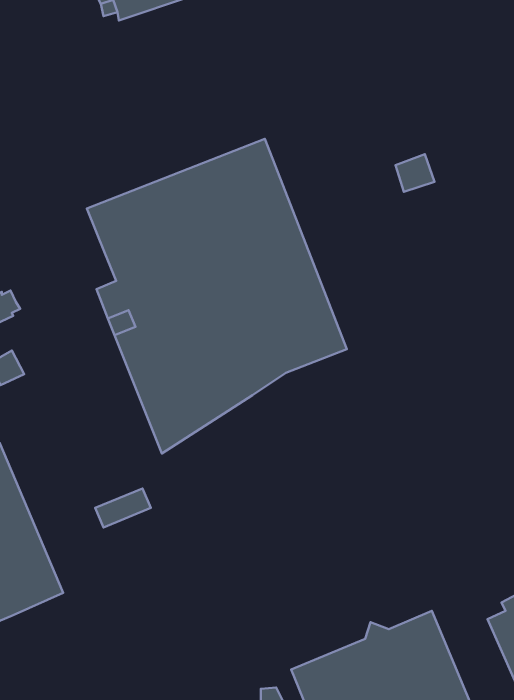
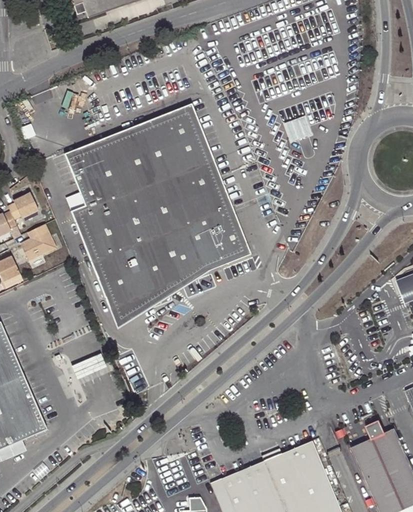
building: none -> [6,193,37,220]
building: none -> [21,223,56,260]

